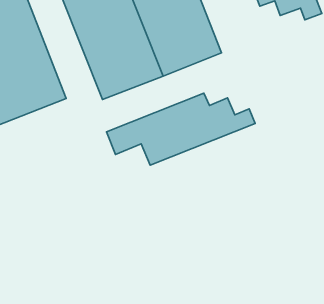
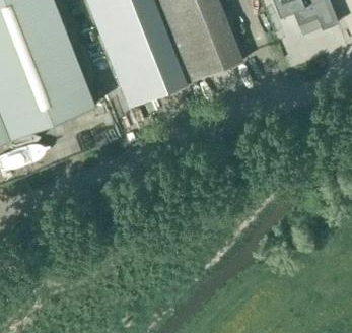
building: [107,93,255,165] -> none

